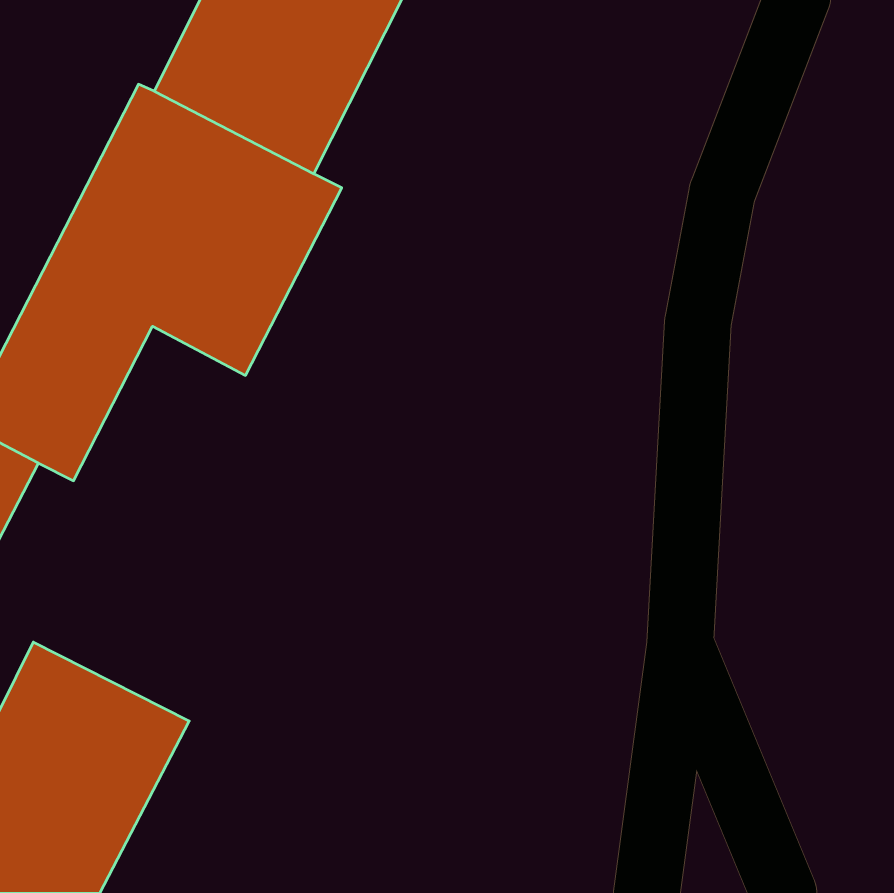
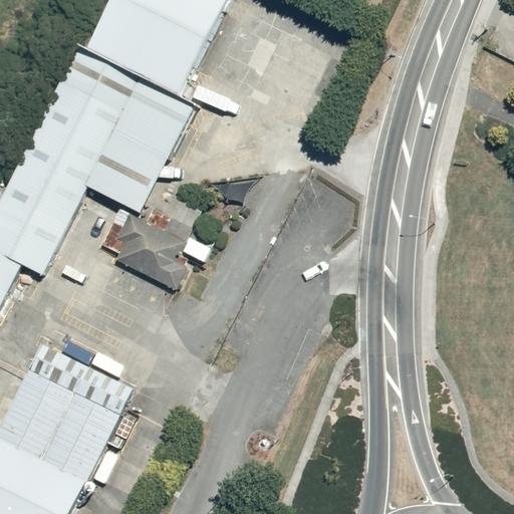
building: none -> [103,211,193,293]
building: none -> [19,340,122,413]

